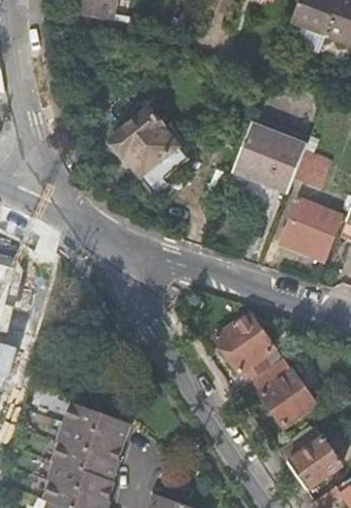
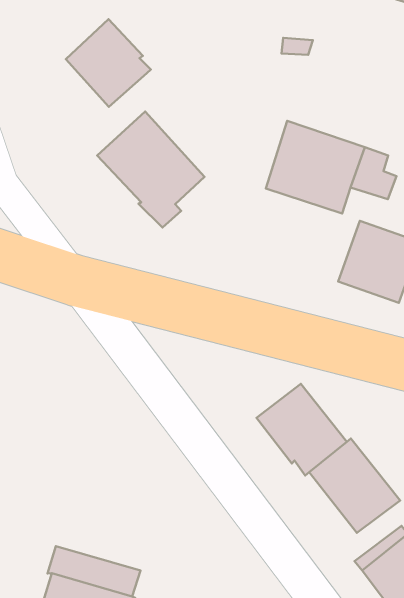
building: none -> [66,19,151,107]
building: [63,403,129,444] -> none

